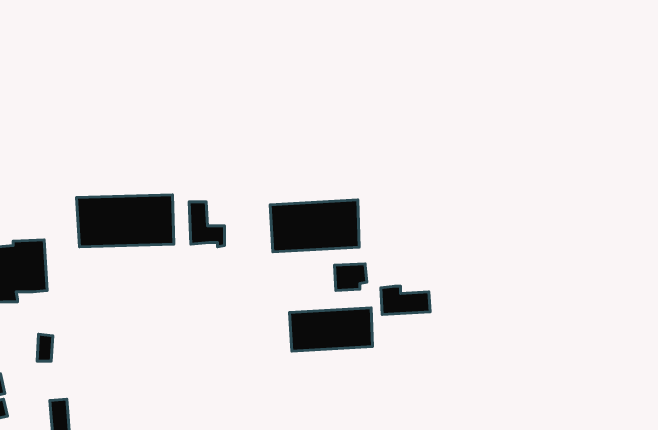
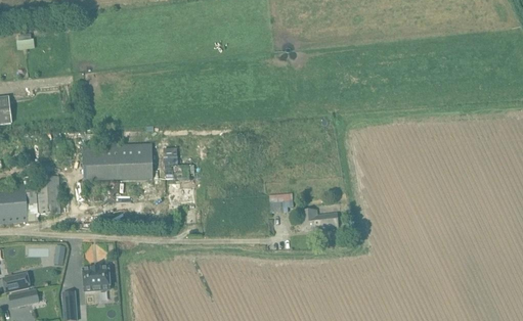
building: [270,200,359,252] -> none
building: [289,308,372,351] -> none
building: none -> [83,267,111,291]

